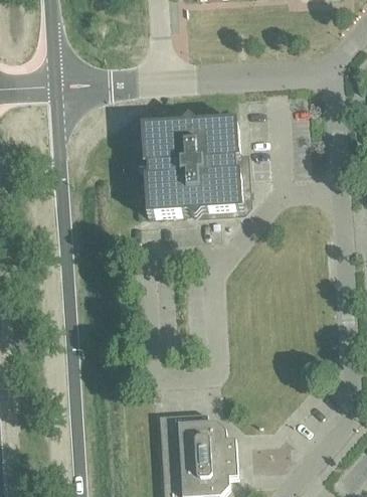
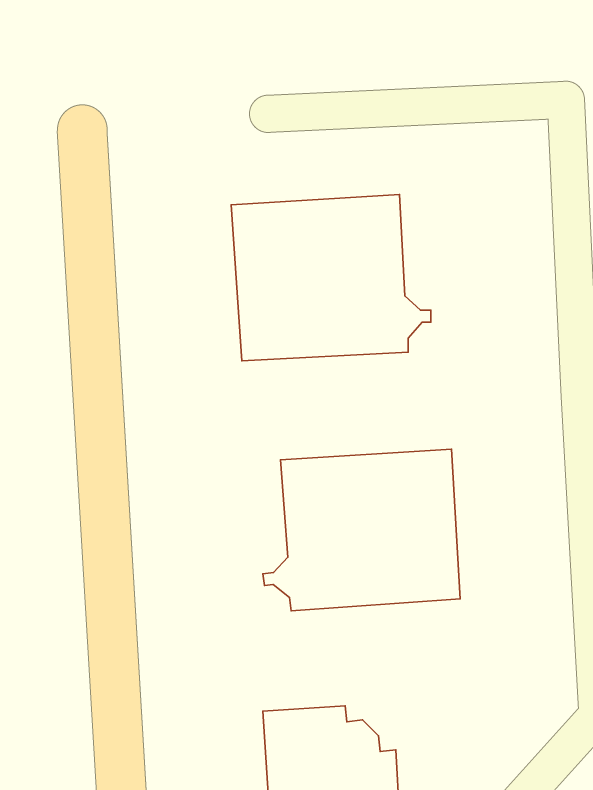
building: none -> [263,449,460,611]

